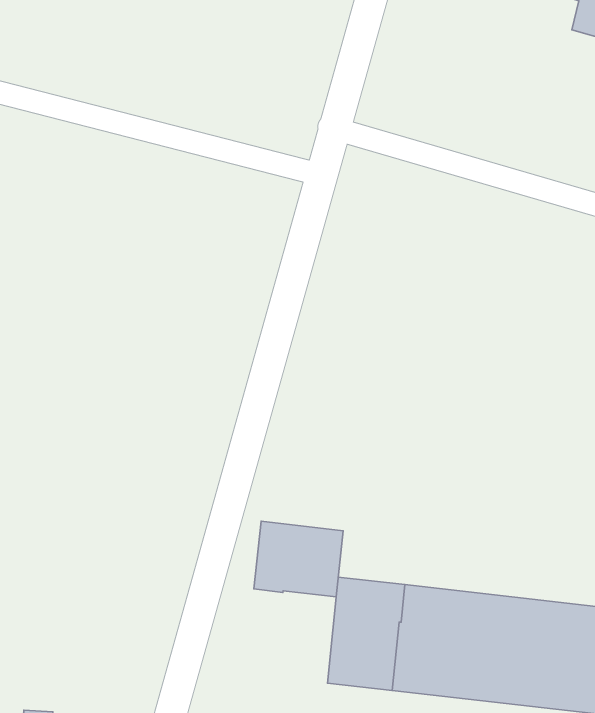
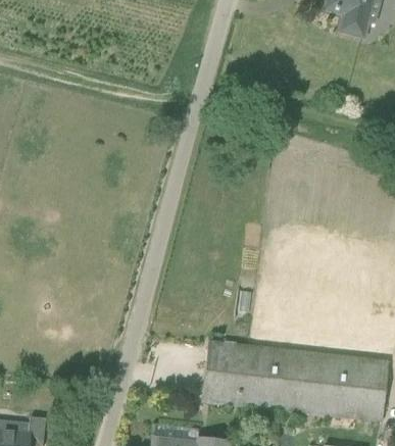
building: [254,521,343,597] -> none

